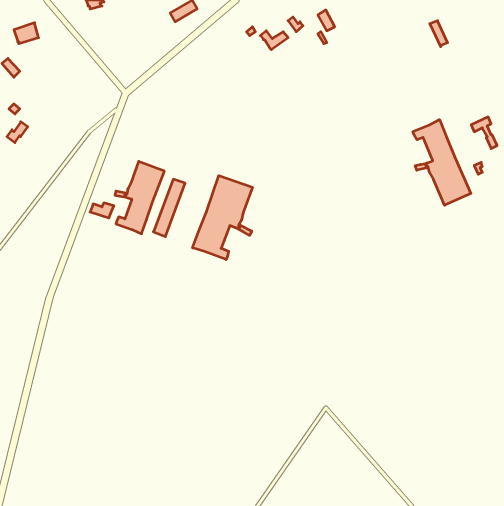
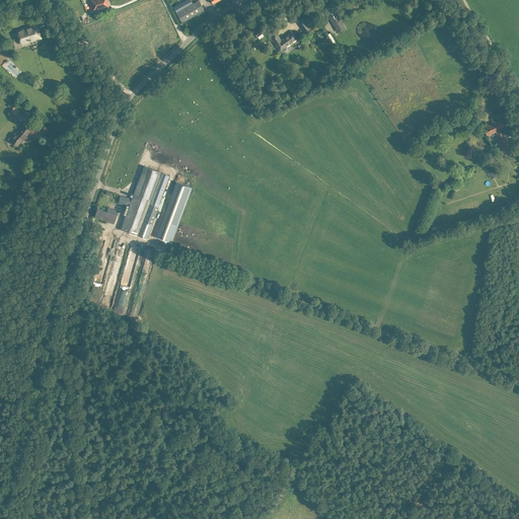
building: [413,120,471,205] -> none
building: [193,176,252,260] -> none

